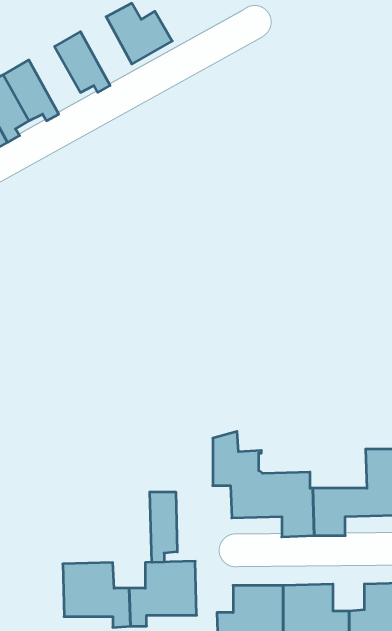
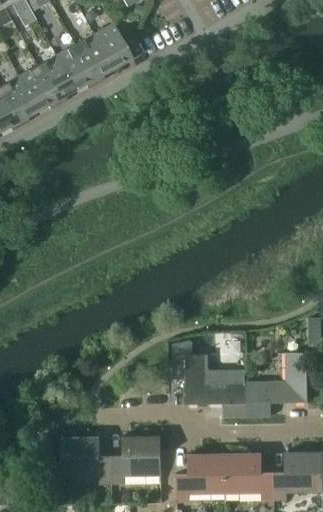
building: none -> [74,32,112,83]
building: none -> [36,54,74,104]
building: [150,492,177,562] -> none

